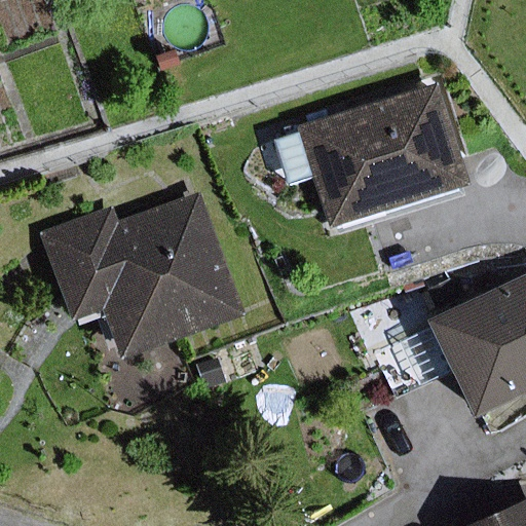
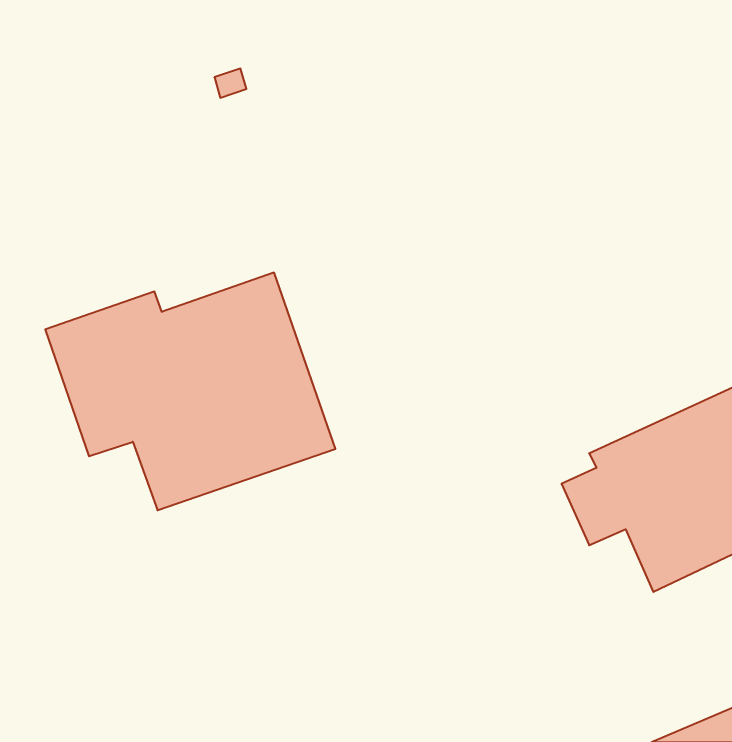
building: [279,84,469,226] -> none

